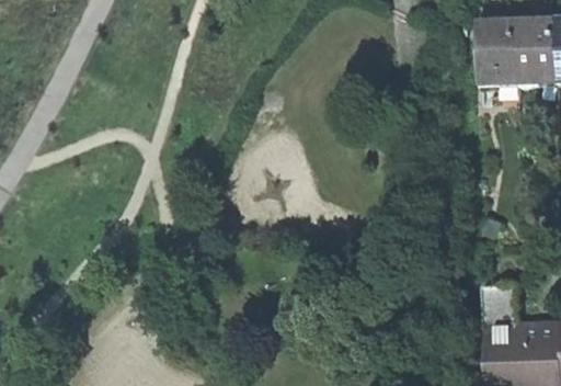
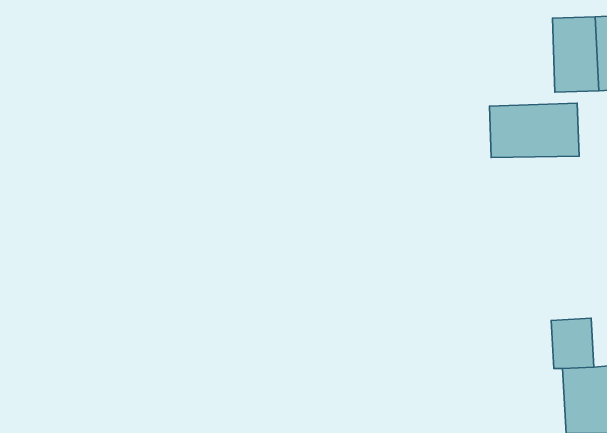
building: none -> [489,103,579,158]

